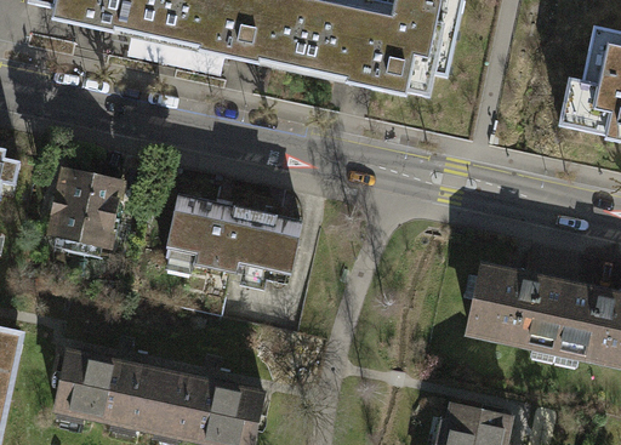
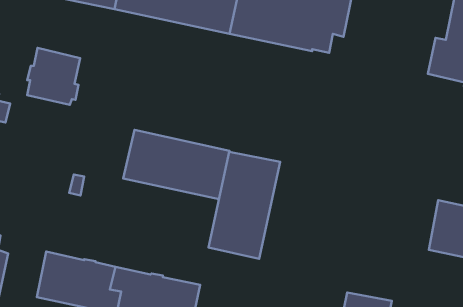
building: [53,171,121,244] -> [27,48,80,105]
building: none -> [209,152,280,259]
building: [472,266,569,348] -> none

